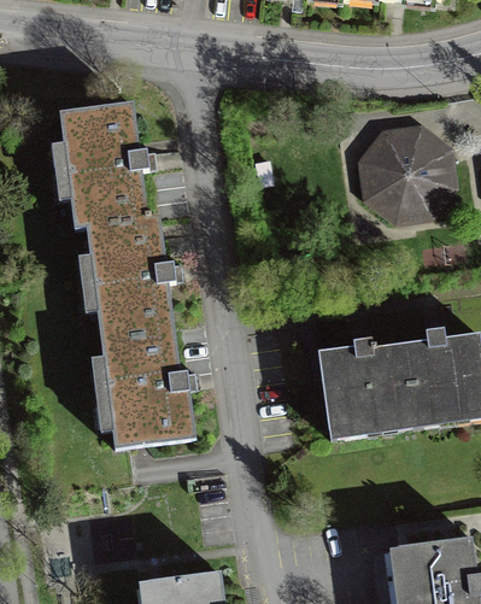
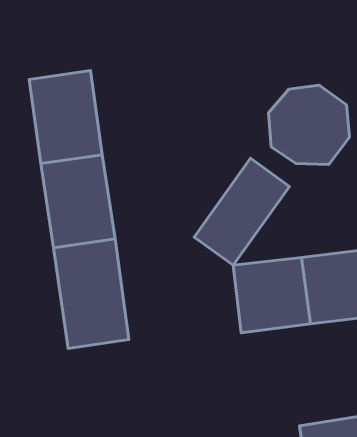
building: none -> [194,158,289,265]

